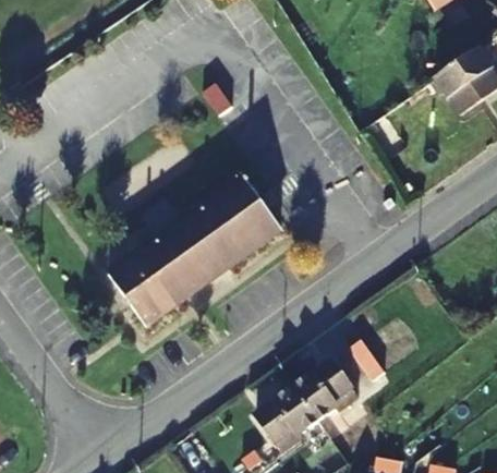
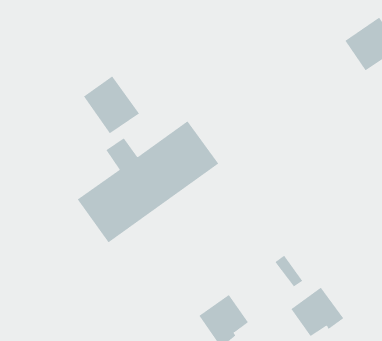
building: none -> [83,75,140,134]
building: [293,361,359,422] -> [291,287,344,337]

